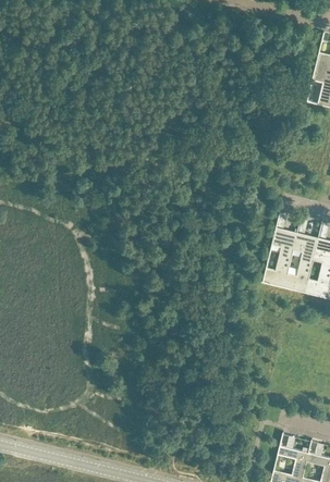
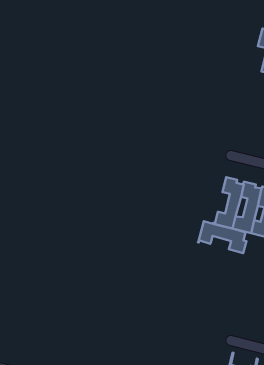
building: none -> [198,221,246,253]

